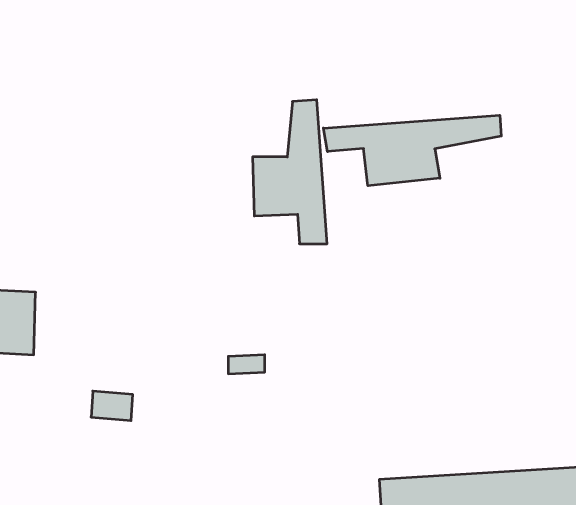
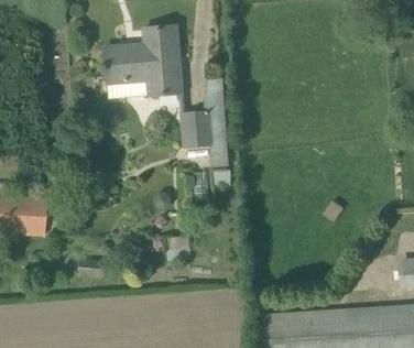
building: none -> [103,26,181,97]
building: [323,115,501,186] -> none

